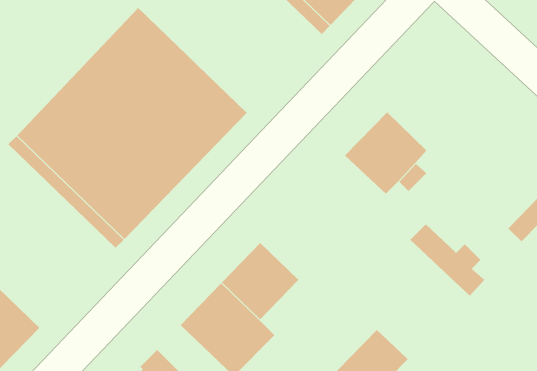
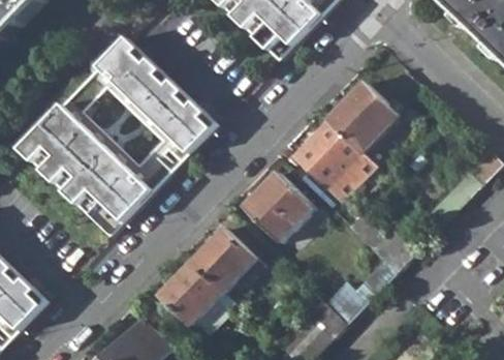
building: none -> [327,83,398,152]
building: none -> [243,172,313,241]
building: none -> [323,261,396,324]

